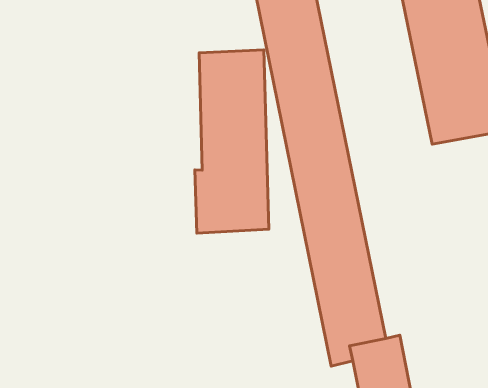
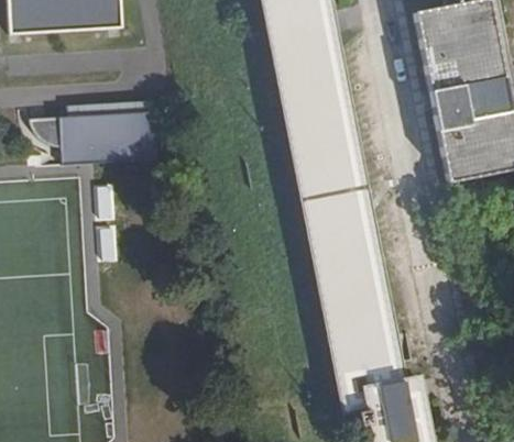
building: [195,50,269,233] -> none
building: none -> [34,106,155,162]

